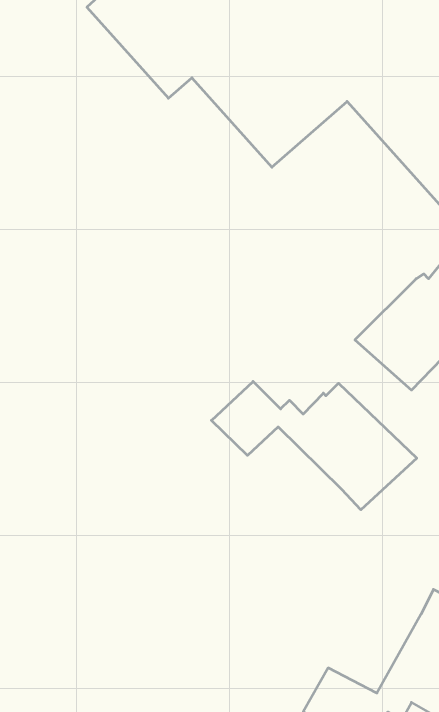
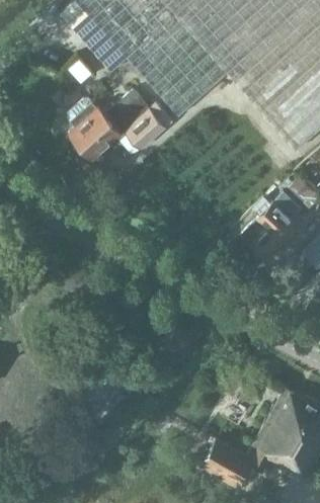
building: none -> [66,86,168,159]
building: [211,381,417,510] -> none

